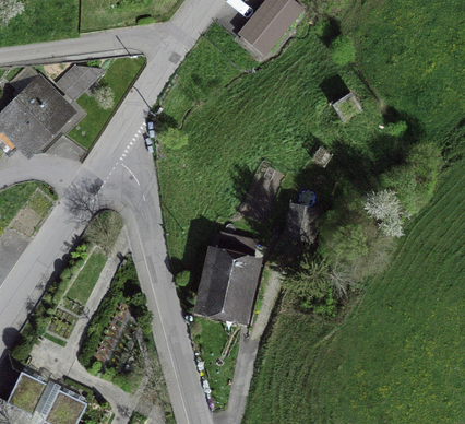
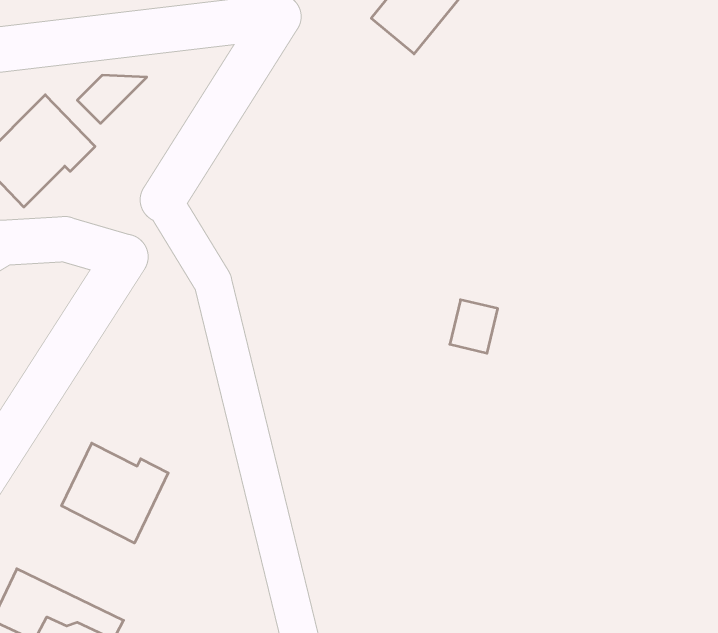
building: [204,233,255,315] -> none
building: none -> [62,443,168,543]

